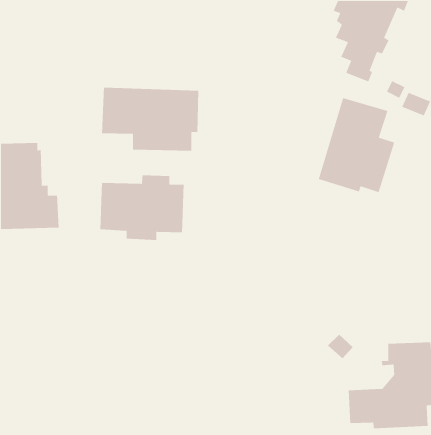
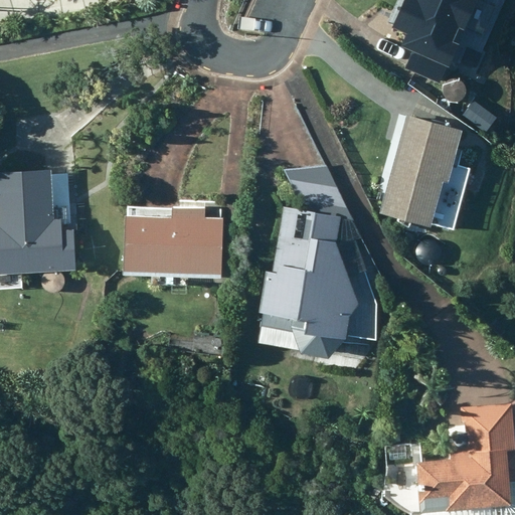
building: [101,87,199,151] -> none
building: none -> [256,163,370,358]

